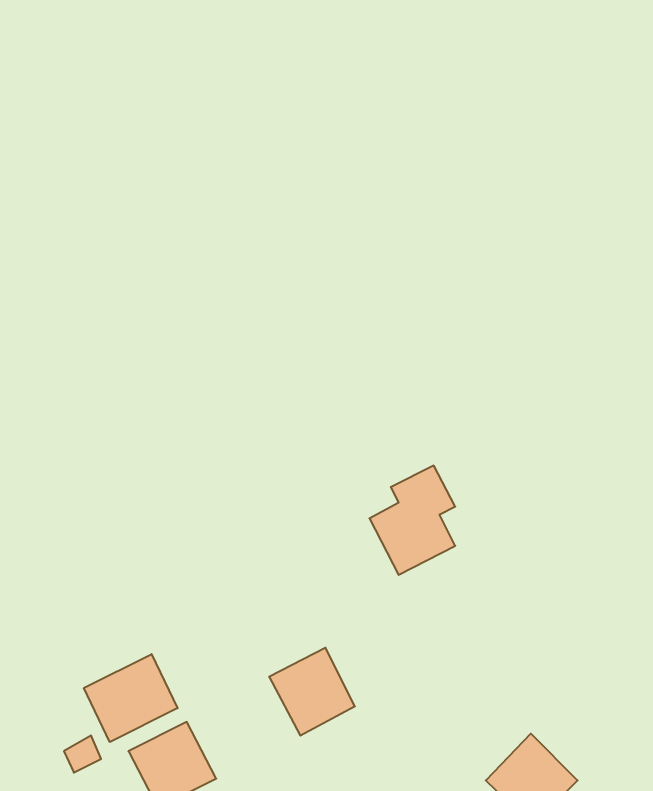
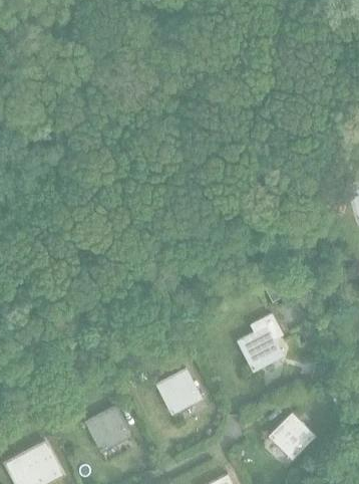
building: [369,466,455,575] -> [239,315,283,372]
building: [84,654,178,742] -> none

